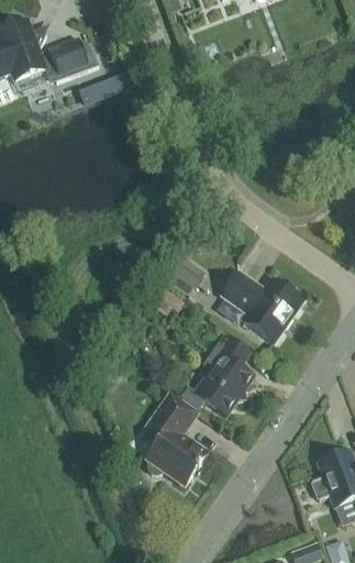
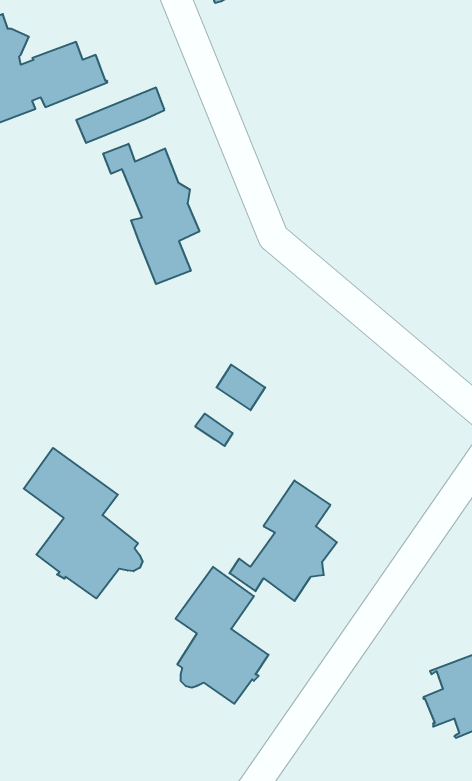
building: none -> [103,144,199,284]
building: [221,272,302,342] -> none
building: none -> [24,448,143,598]

